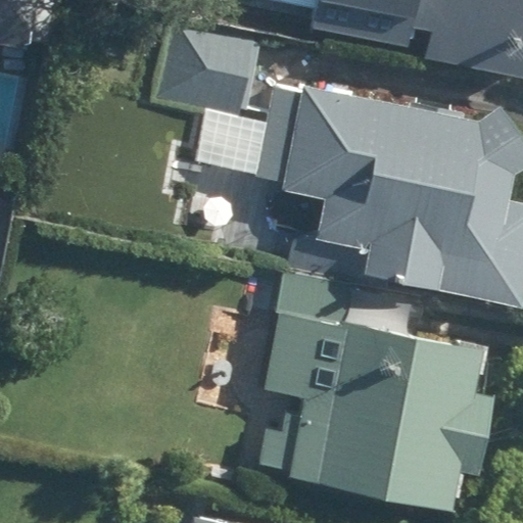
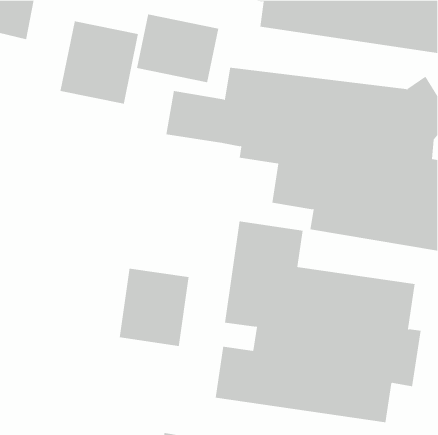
building: none -> [60,20,139,104]
building: none -> [119,268,189,347]

